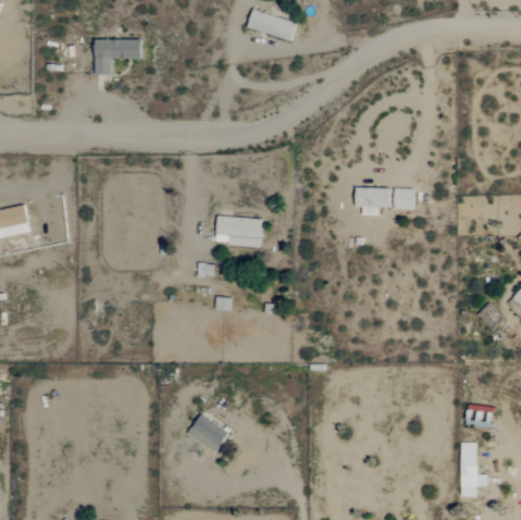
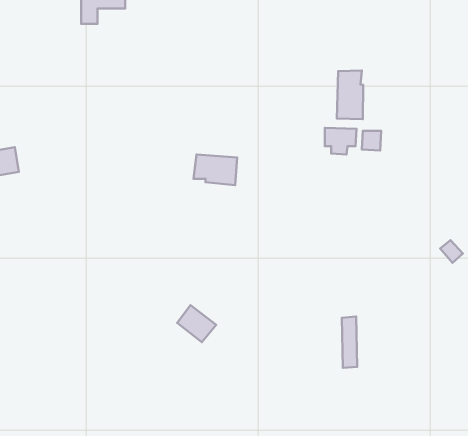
building: none -> [337,71,363,119]
building: [187,413,228,453] -> [177,305,216,342]
building: [460,442,476,496] -> [342,317,357,368]

